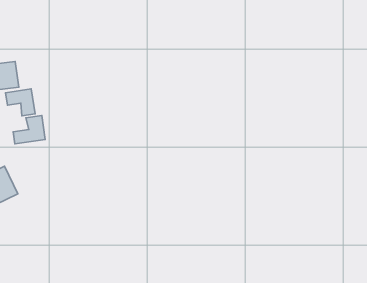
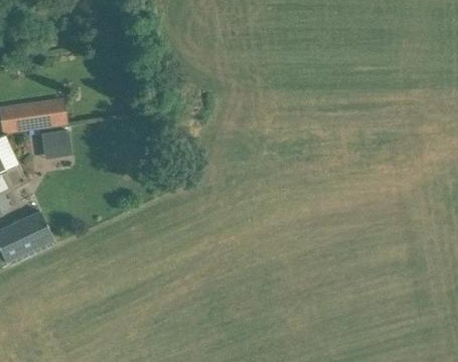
building: [13,115,45,144] -> none

